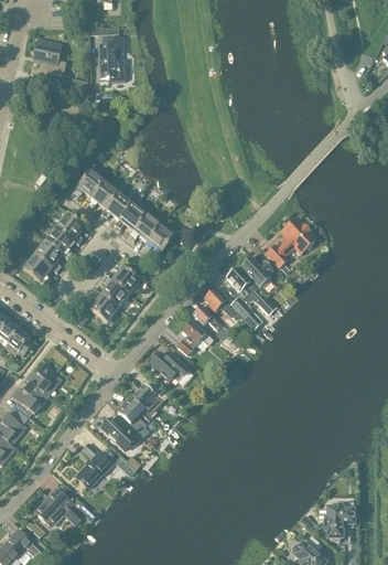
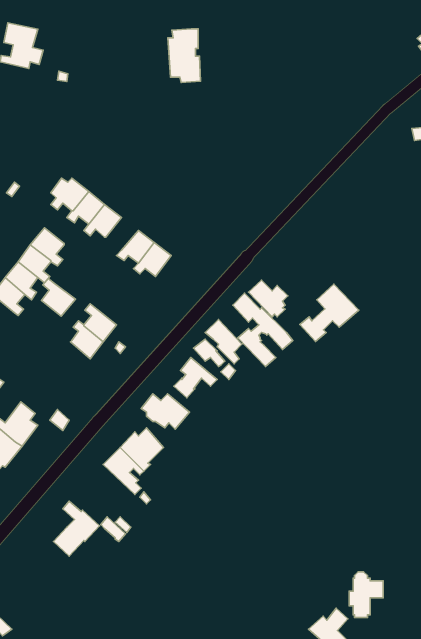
building: [98,35,126,81] -> [168,29,201,82]
building: [115,202,147,230] -> none
building: [267,217,316,266] -> [300,284,359,342]
building: [111,260,140,292] -> [41,278,75,316]
building: [101,417,141,449] -> none
building: [35,488,89,525] -> none

